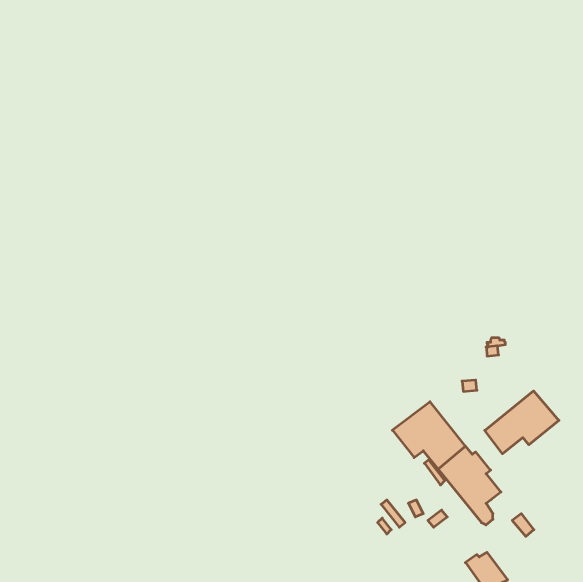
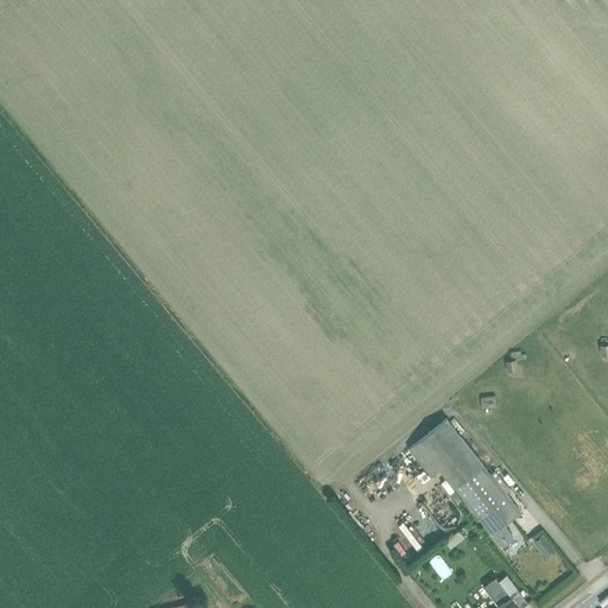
building: [485,391,559,454] -> none

